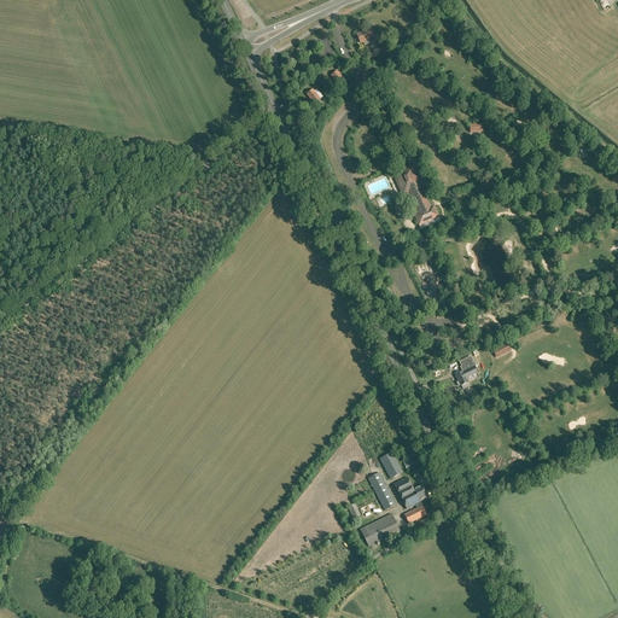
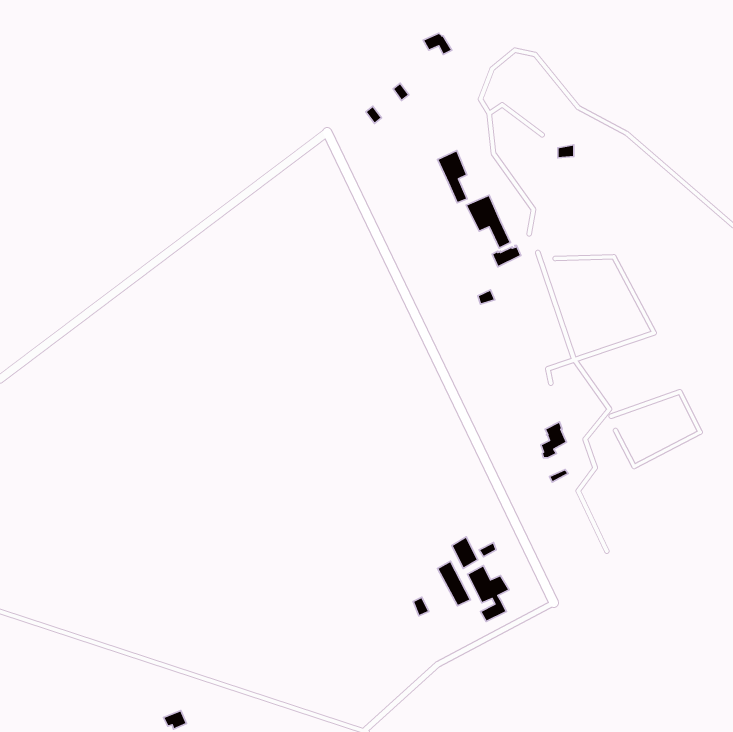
building: none -> [437,150,467,203]
building: [360,513,400,546] -> none

